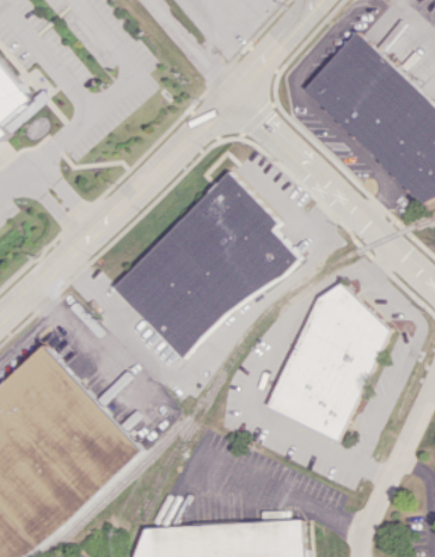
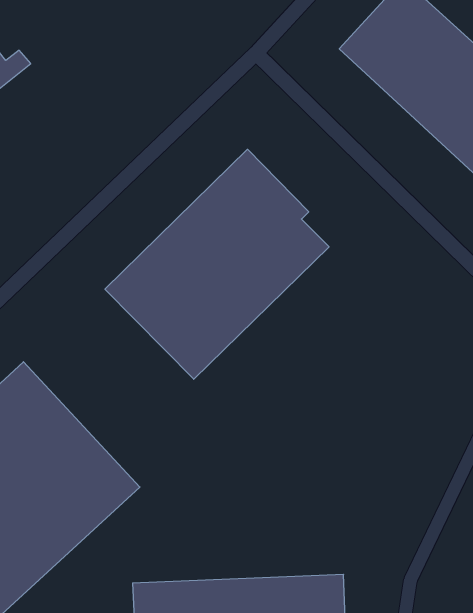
building: [268,281,390,441] -> none

